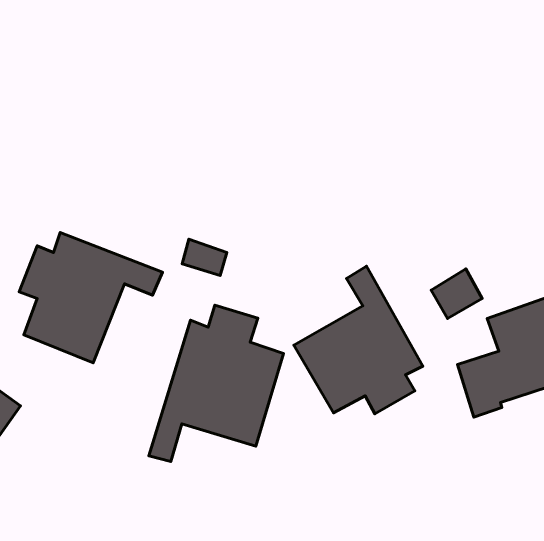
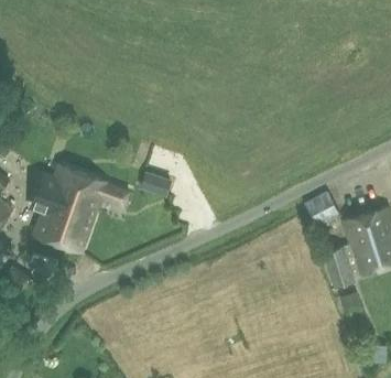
building: [294,266,423,414] -> none
building: [149,305,283,462] -> none

